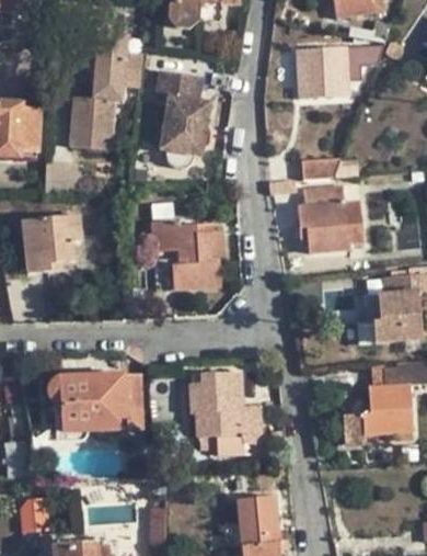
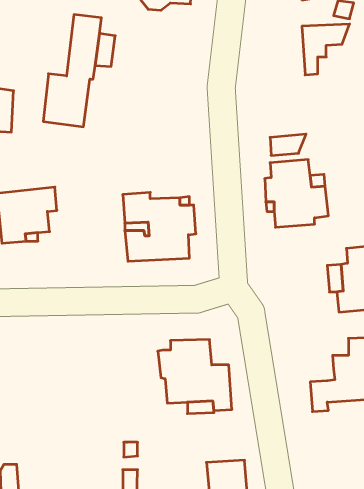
building: [293,46,338,99] -> none
building: [153,71,209,168] -> none
building: [46,372,142,430] -> none

